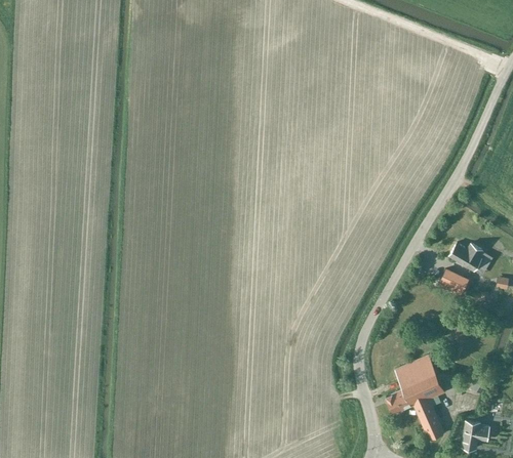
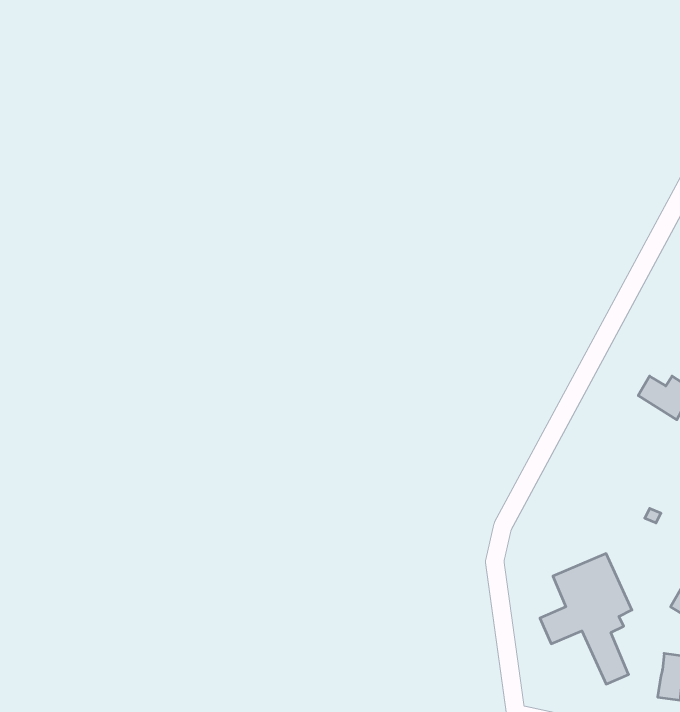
building: [438,267,468,294] -> none

